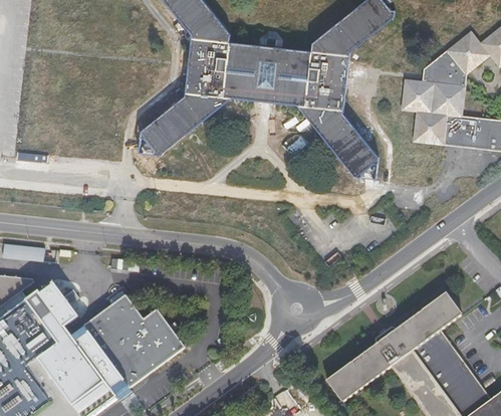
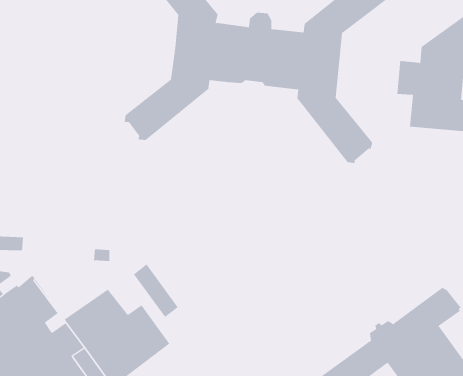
building: none -> [133,264,178,318]

